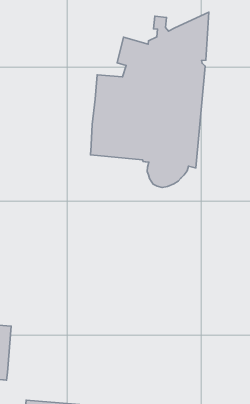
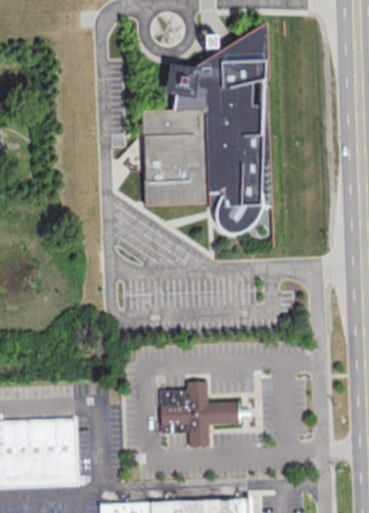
building: none -> [162,383,253,449]

